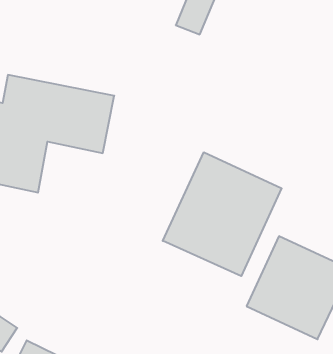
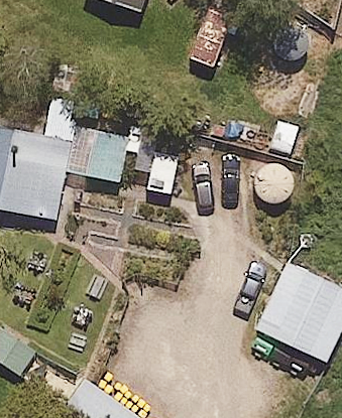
building: [163,152,282,276] -> none

